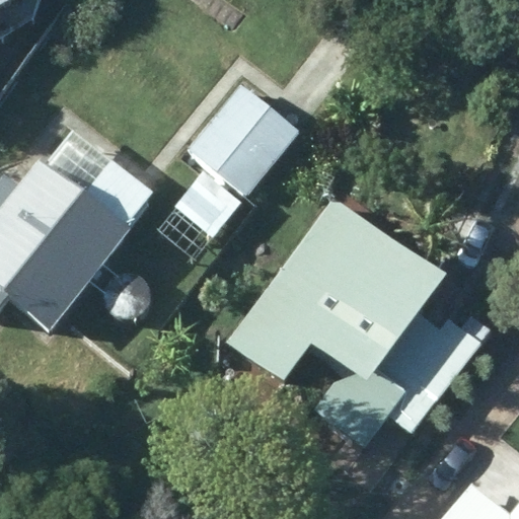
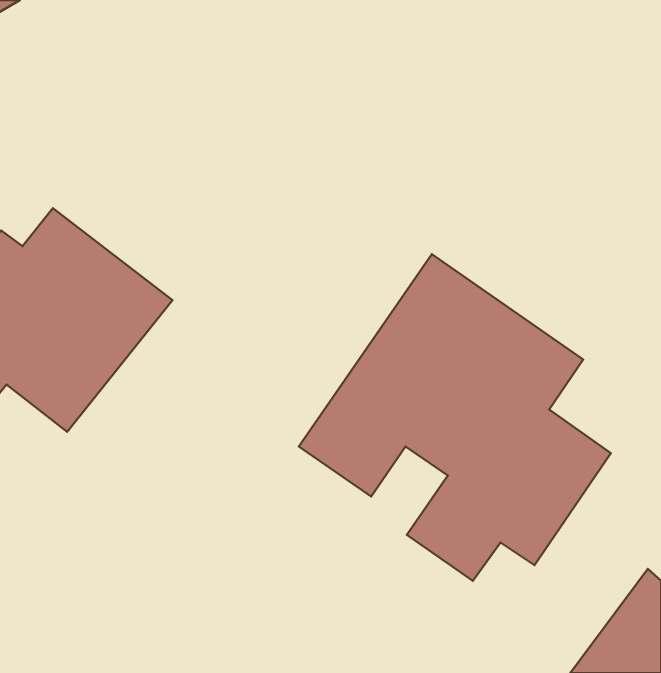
building: [184,84,296,197] -> none

